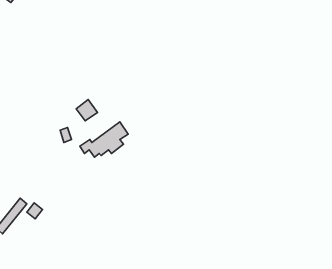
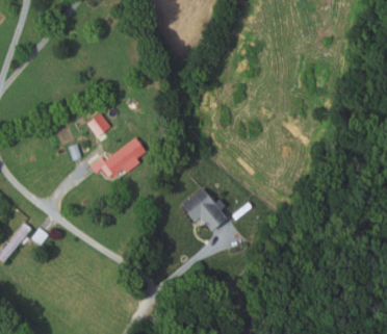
building: none -> [180,187,226,230]

